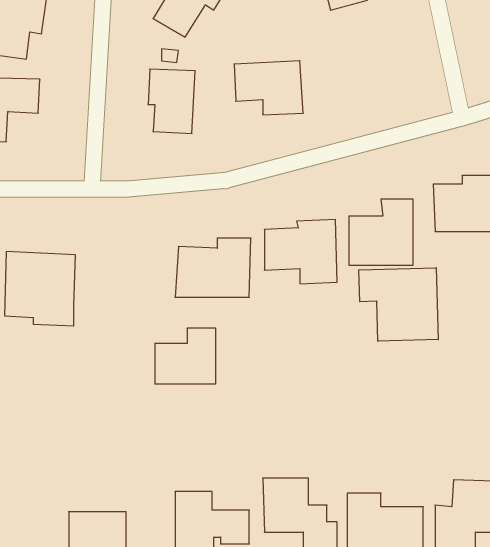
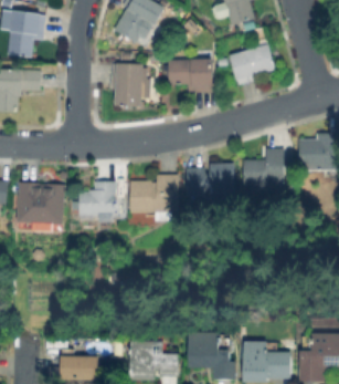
building: none -> [230,28,276,86]
building: [359,268,438,341] -> none
building: [155,328,216,384] -> [76,183,116,219]

